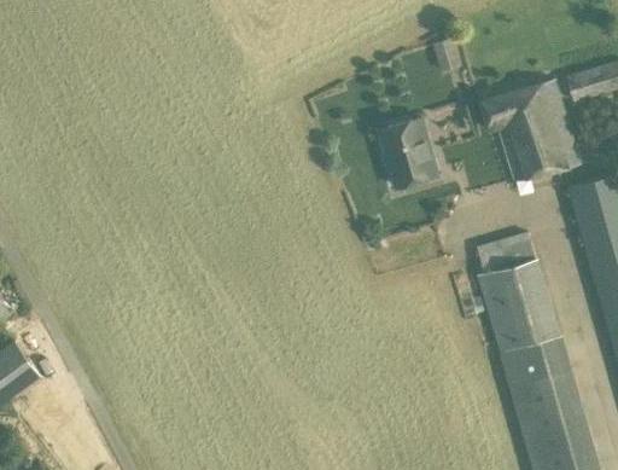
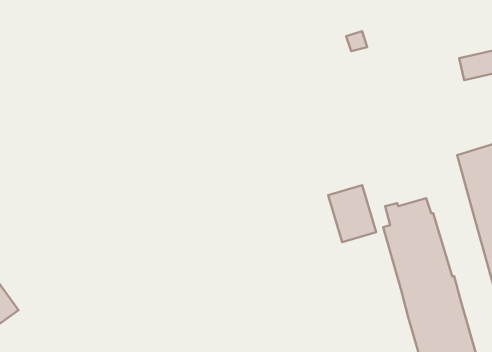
building: [484,82,581,181] -> none
building: [384,121,442,190] -> [328,185,376,242]

